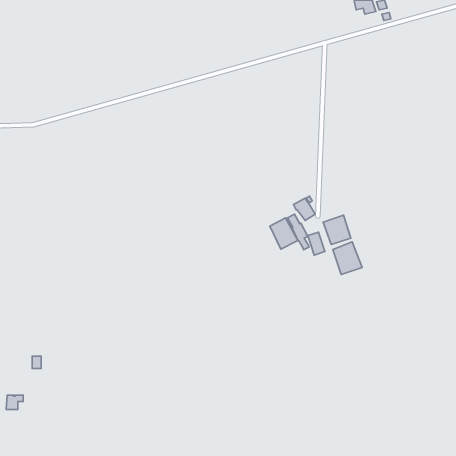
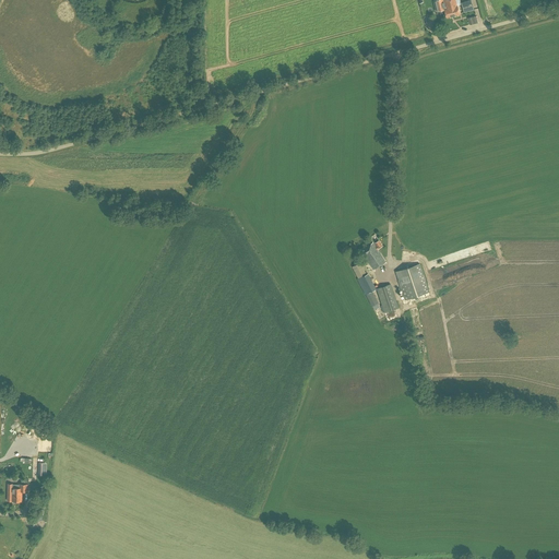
building: [270,218,298,249] -> none
building: [333,242,362,275] -> none

